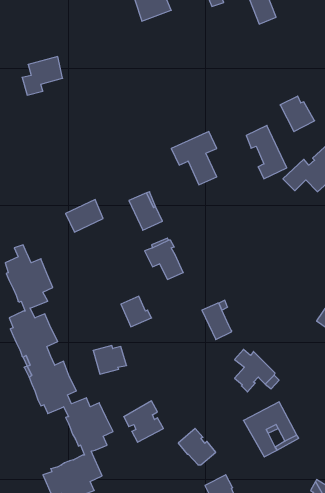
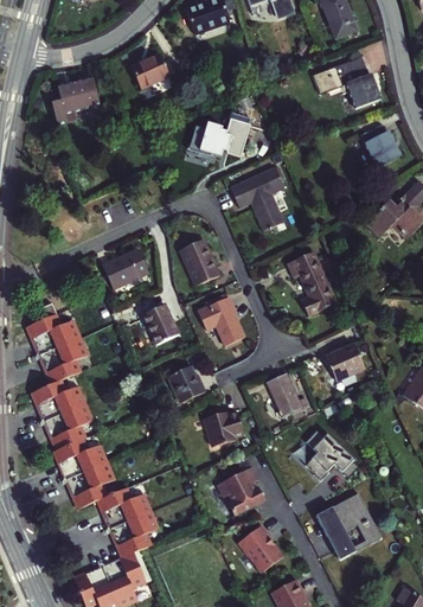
building: none -> [130,53,171,89]
building: none -> [313,57,380,108]
building: none -> [194,119,250,158]
building: [246,125,287,179] -> [288,251,337,315]
building: none -> [143,304,179,343]
building: none -> [325,343,365,381]
building: [93,346,127,374] -> [204,411,244,446]
building: [124,401,163,442] -> [219,466,267,516]

